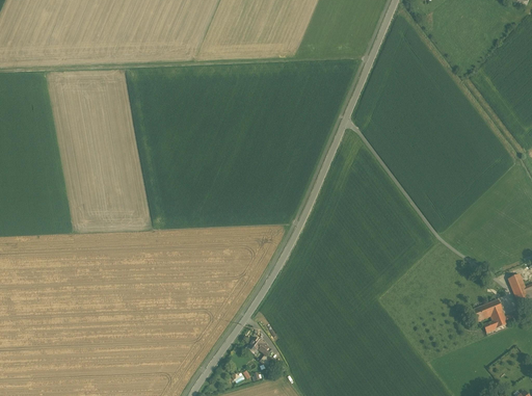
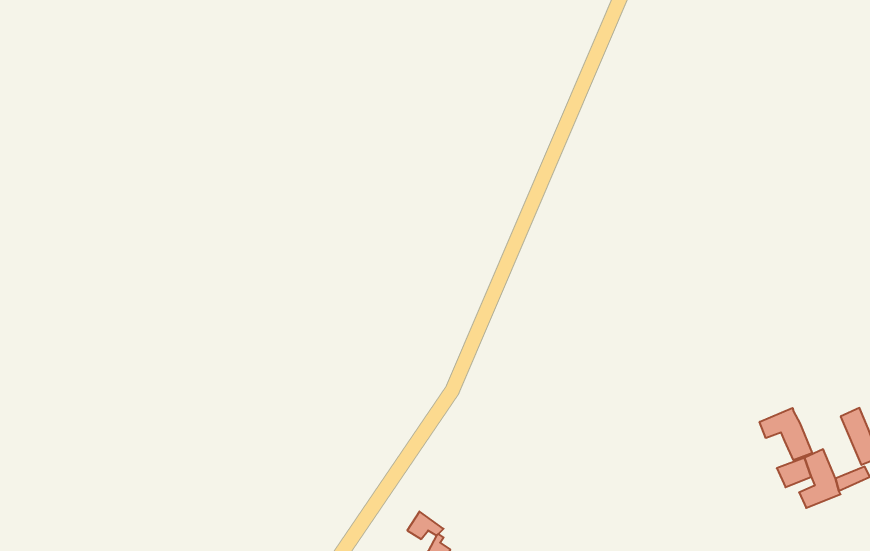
building: none -> [760,408,812,460]

